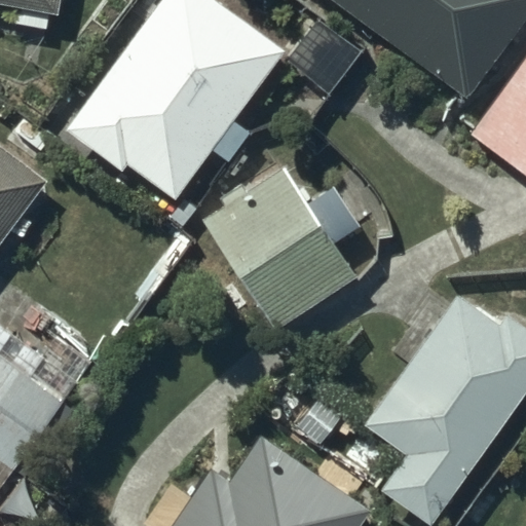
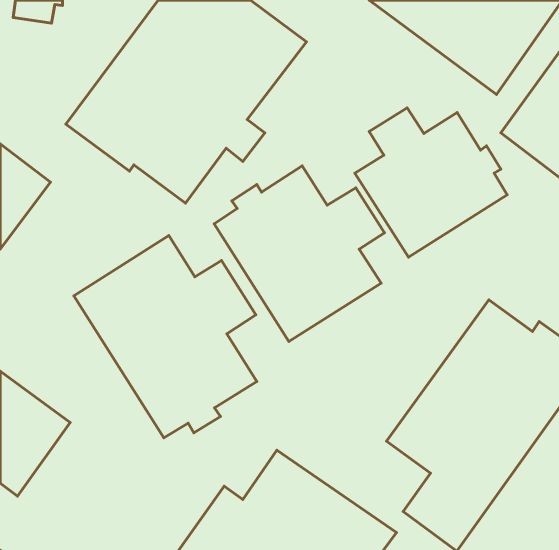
building: none -> [355,108,507,257]
building: none -> [74,235,257,438]

